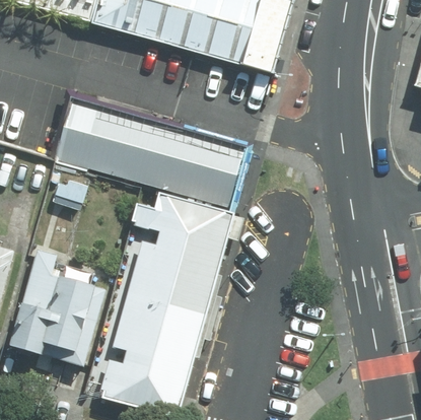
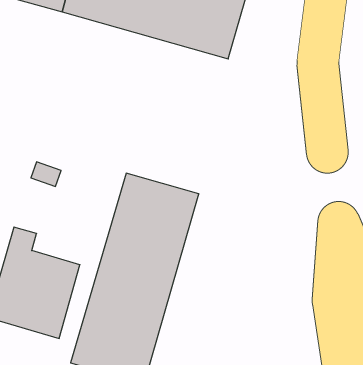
building: [56,98,247,205] -> none

